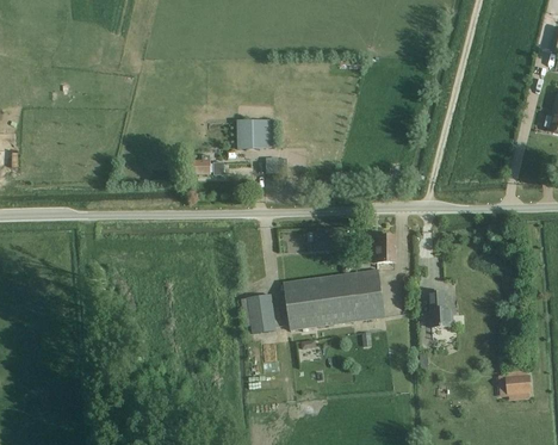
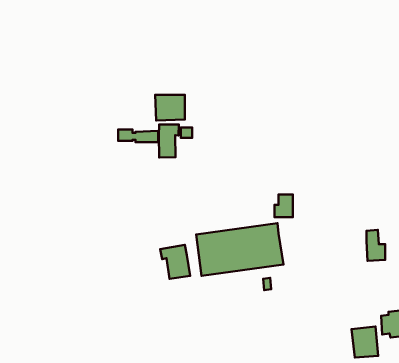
building: none -> [159,124,179,158]
building: [430,291,452,327] -> [367,230,385,261]
building: none -> [351,326,378,357]

